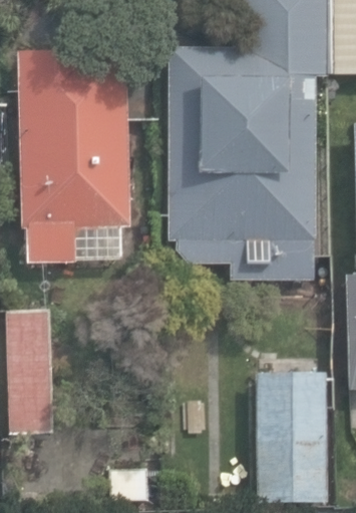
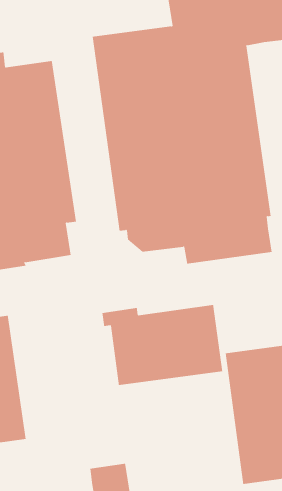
building: none -> [102,304,223,386]

